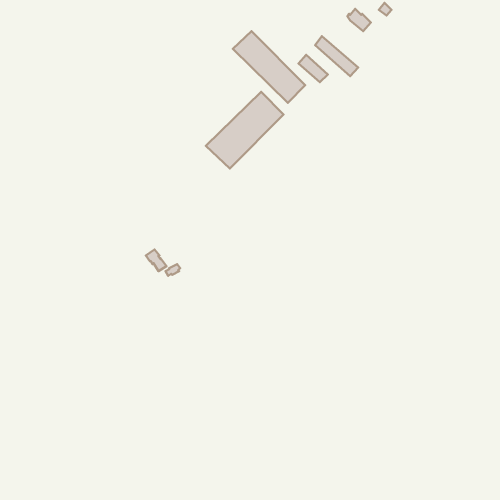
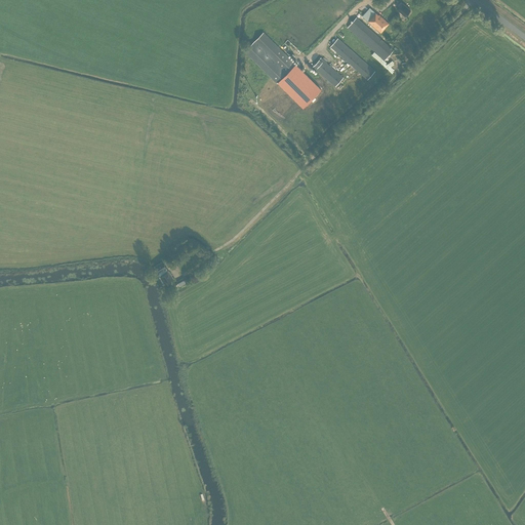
building: none -> [348,17,394,65]
building: [206,92,284,169] -> none

